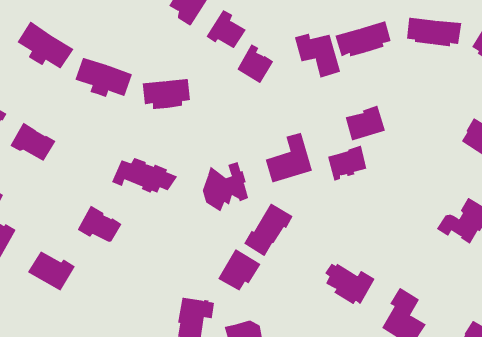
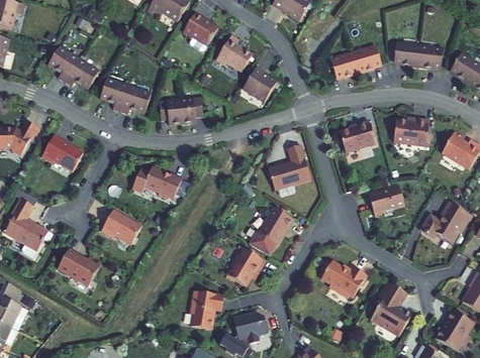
building: [294,33,341,78] -> none
building: none -> [393,118,428,145]
building: [327,145,367,181] -> [368,185,403,217]
building: [202,161,249,212] -> none

